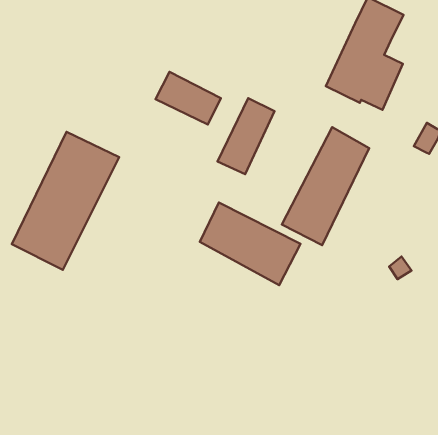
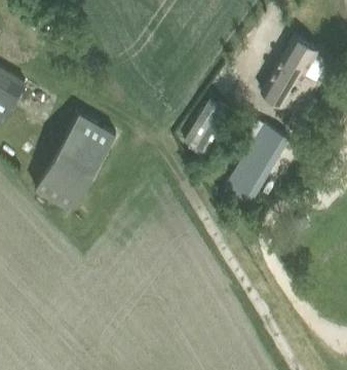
building: [155,72,221,125] -> none
building: [200,202,300,285] -> none

